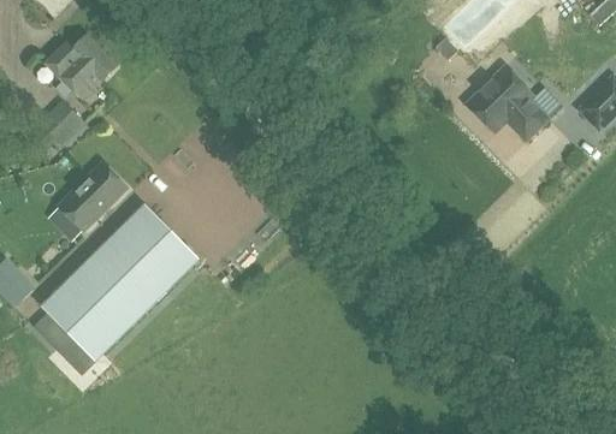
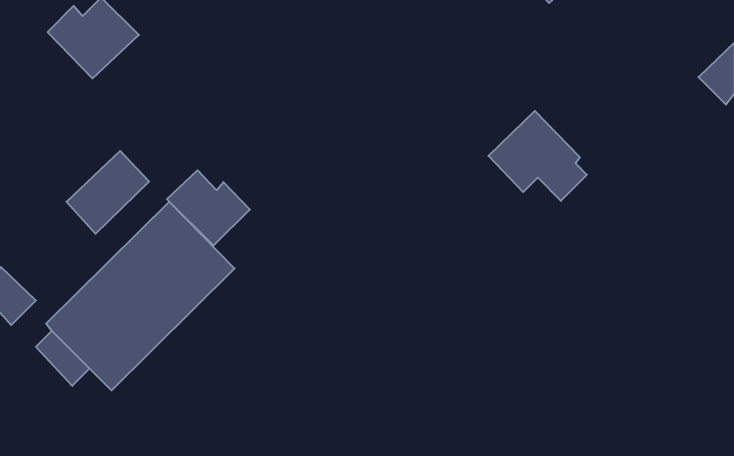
building: [467,66,549,141] -> [488,111,587,201]
building: [36,102,84,150] -> none
building: none -> [167,170,250,246]

